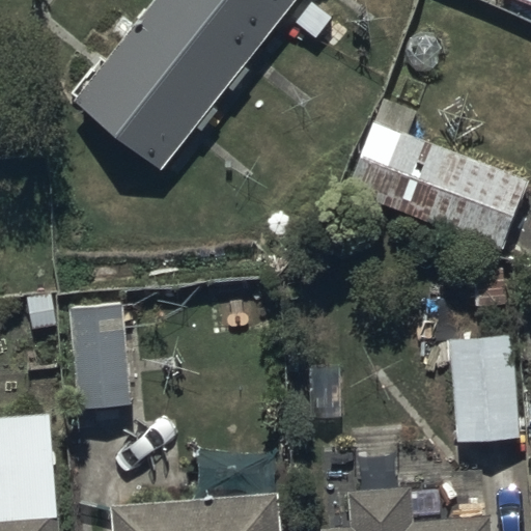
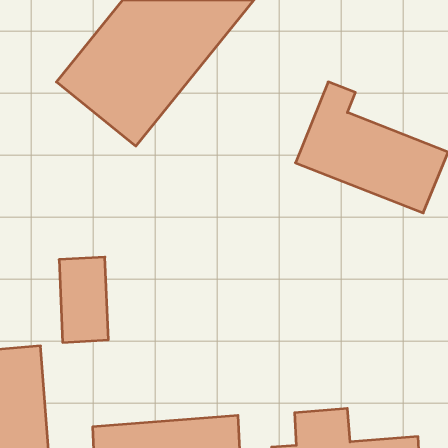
building: [449,332,522,441] -> none

